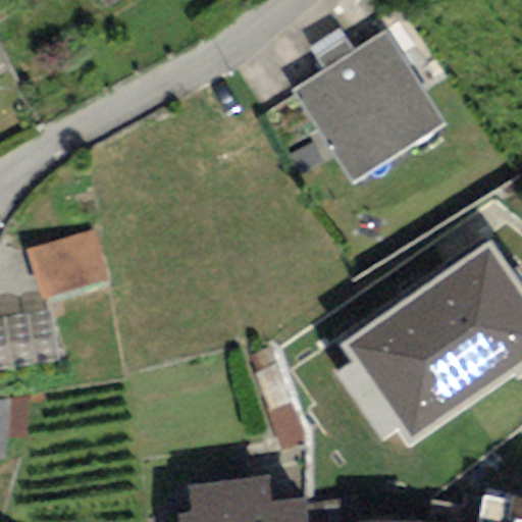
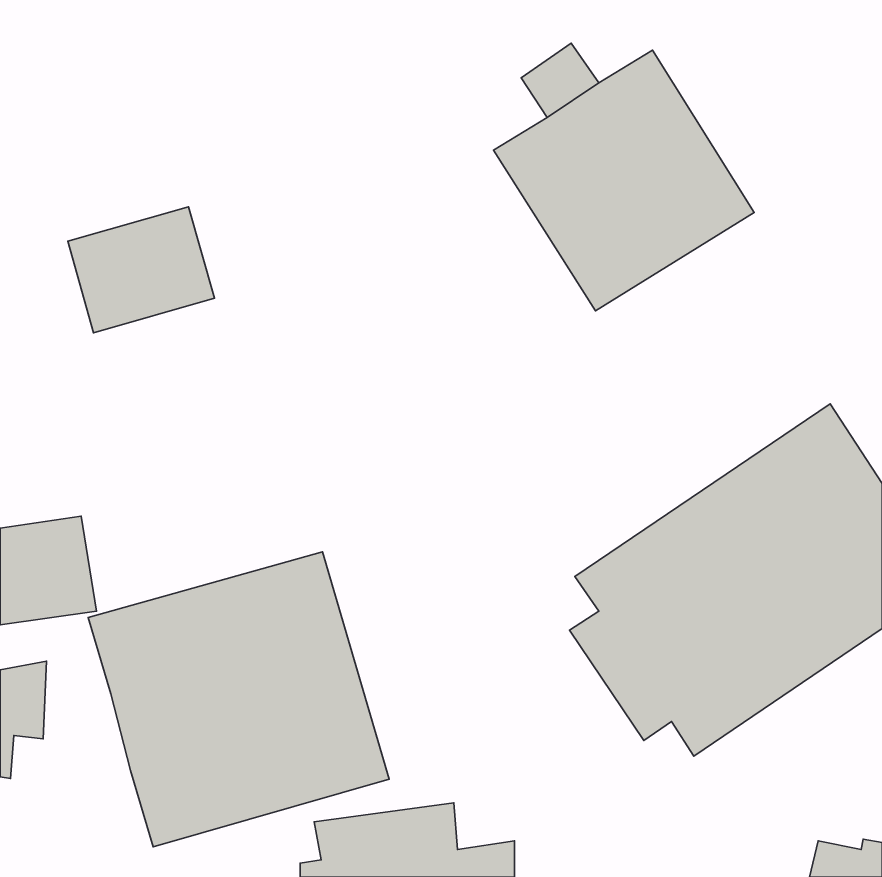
building: [24,226,111,301] -> [68,207,214,333]
building: none -> [88,552,389,847]

